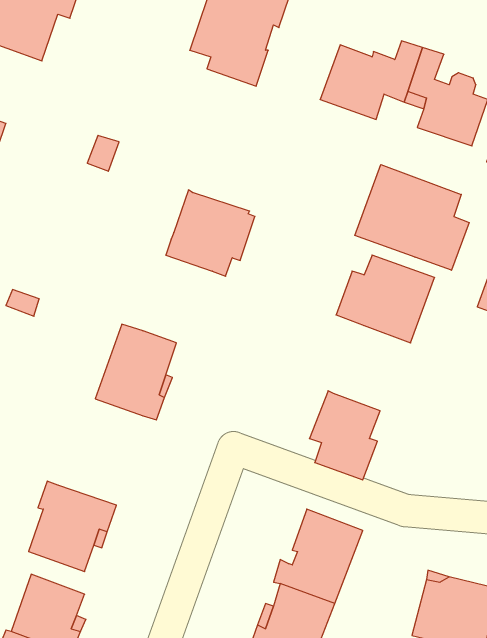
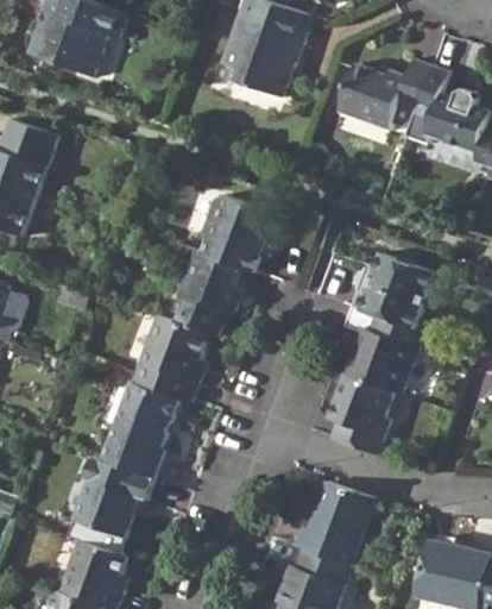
building: [355,165,469,270] -> none
building: none -> [178,252,244,335]
building: none -> [348,316,422,396]
building: none -> [102,381,178,478]

